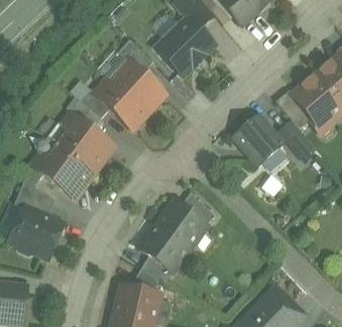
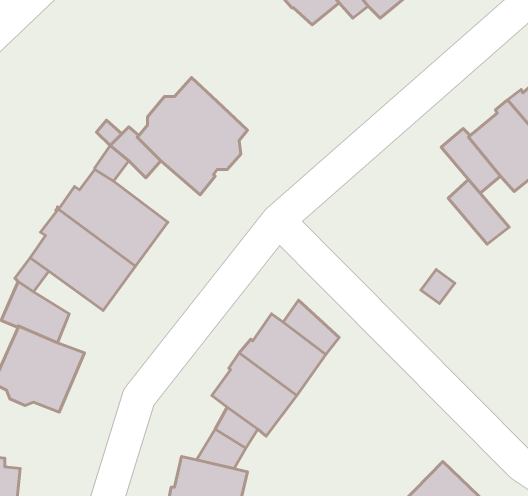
building: [155,18,214,76] -> none
building: [117,39,152,74] -> none
building: [234,115,283,166] -> none

